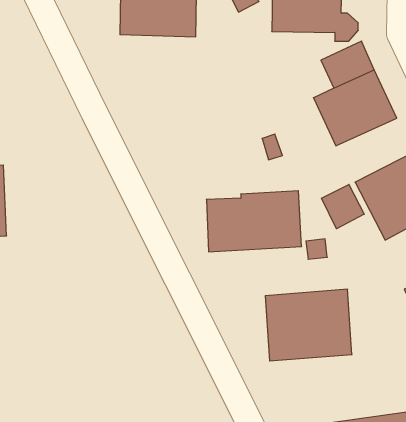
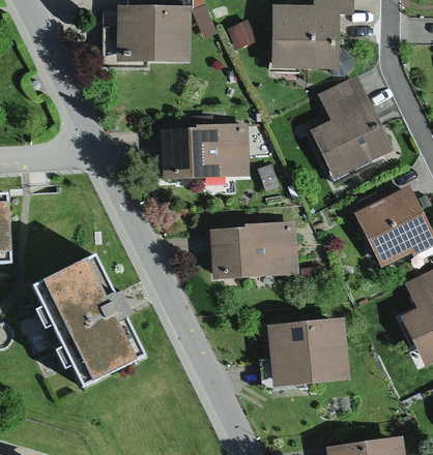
building: none -> [157,122,249,178]
building: [322,184,364,229] -> none
building: none -> [36,255,148,387]

